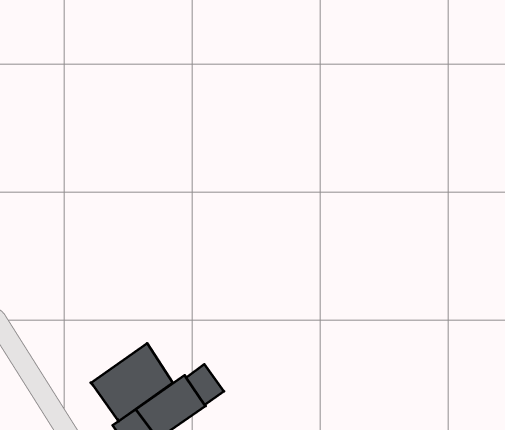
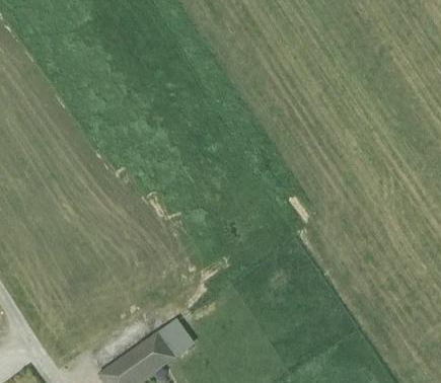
building: [91,343,173,421] -> none

